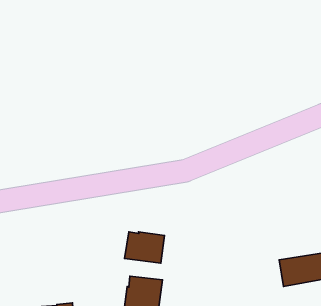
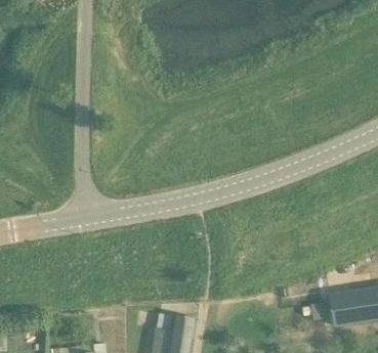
building: [125,232,165,263] -> none

